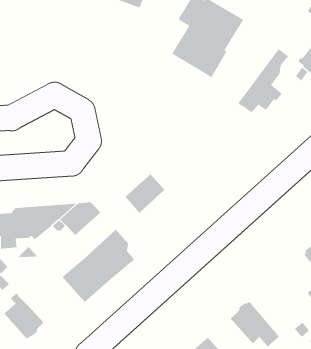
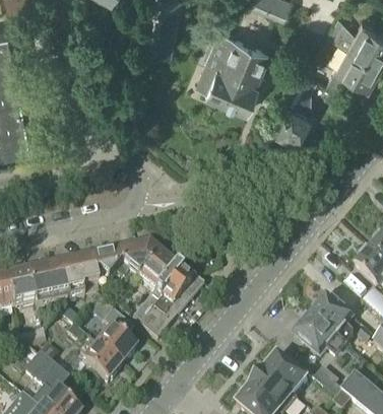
building: [125,174,165,214] -> [137,250,175,289]
building: none -> [94,306,135,361]
building: none -> [311,293,353,343]

